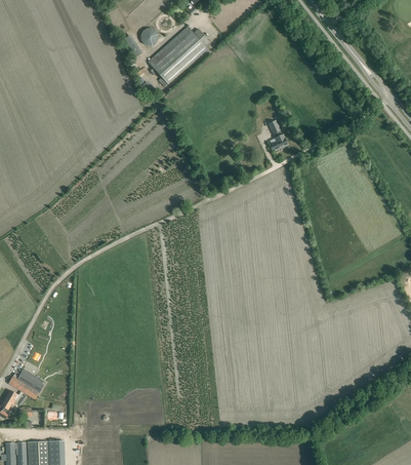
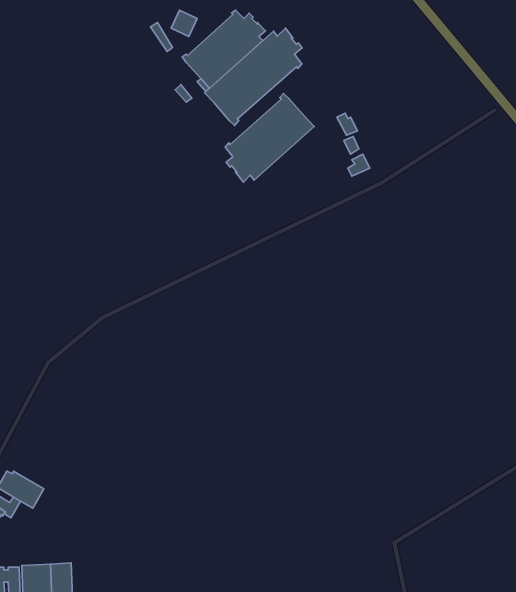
building: none -> [205,28,302,125]
building: none -> [225,93,314,182]

